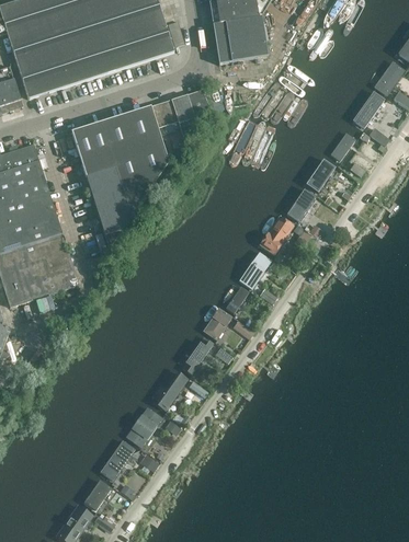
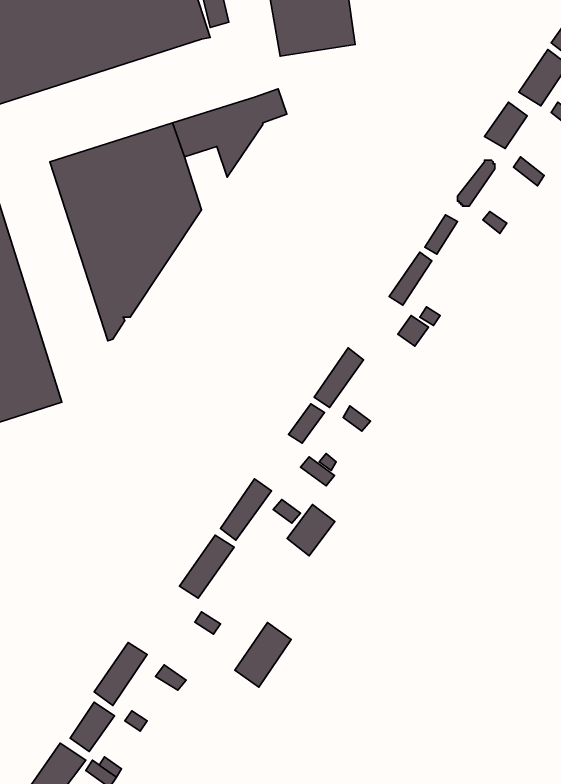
building: [260,211,298,255] -> none
building: [202,305,232,338] -> [287,505,335,556]
building: [126,405,162,447] -> [235,622,291,687]

